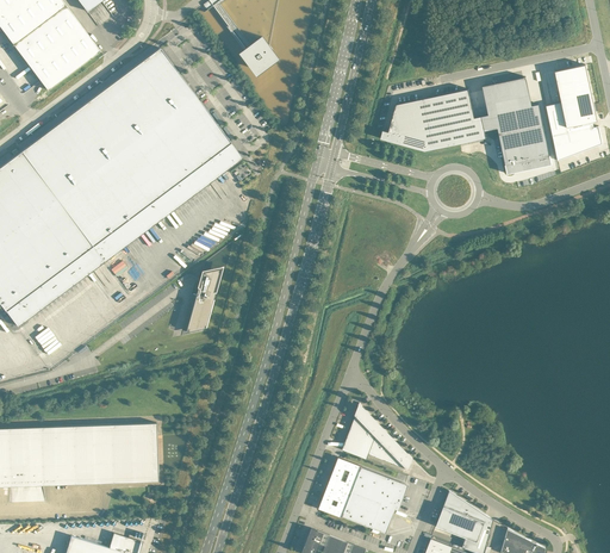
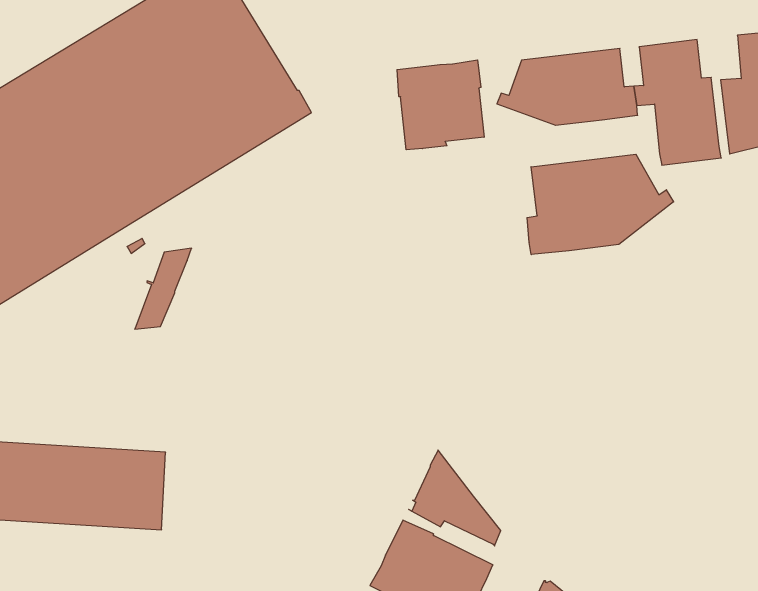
building: none -> [397,60,484,150]
building: none -> [527,154,674,255]
building: [186,267,223,331] -> [135,248,192,329]

